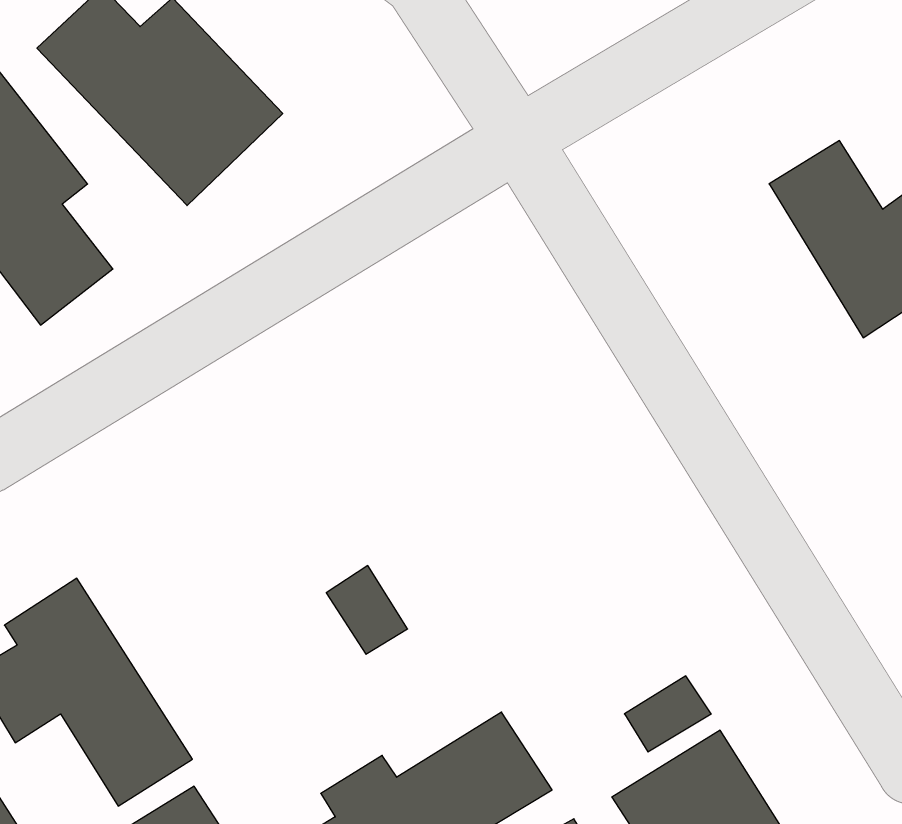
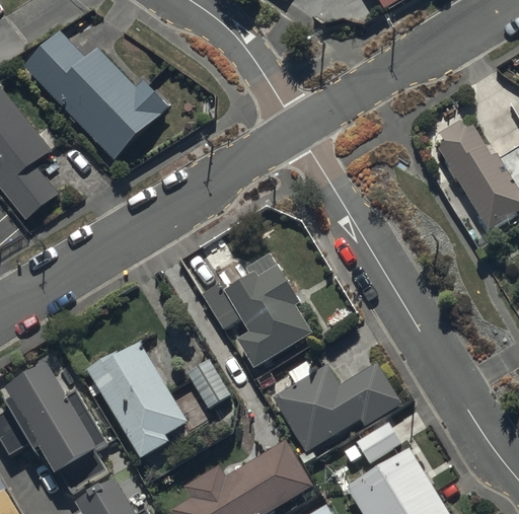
building: none -> [200,251,311,370]
building: none -> [88,344,189,460]
building: none -> [272,361,401,452]

